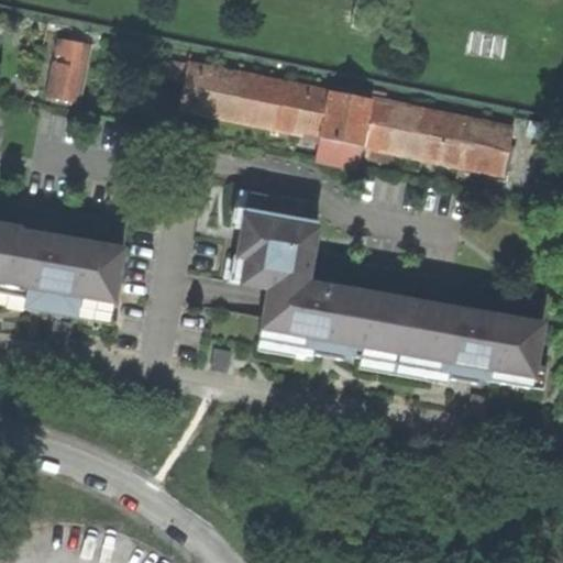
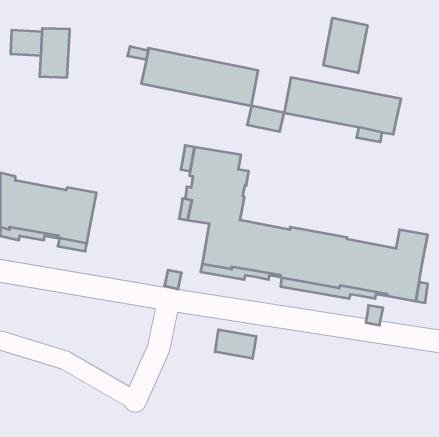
building: none -> [323,18,367,73]
building: none -> [11,30,42,56]
building: [322,90,373,144] -> none
building: none -> [215,330,256,359]

